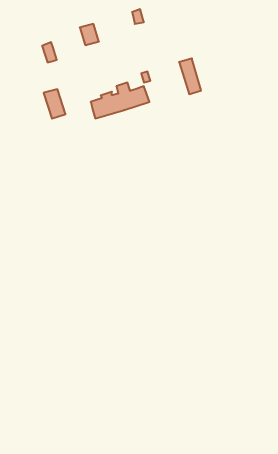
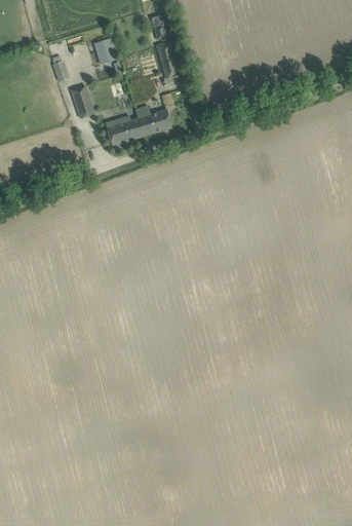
building: [179,58,201,94] -> [154,41,179,81]
building: [44,89,66,119] -> [69,85,93,118]

